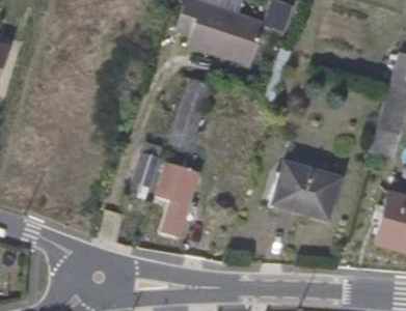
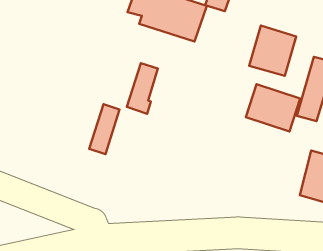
building: none -> [249,25,296,76]
building: [274,165,337,220] -> [246,84,300,132]
building: [162,166,208,236] -> none

